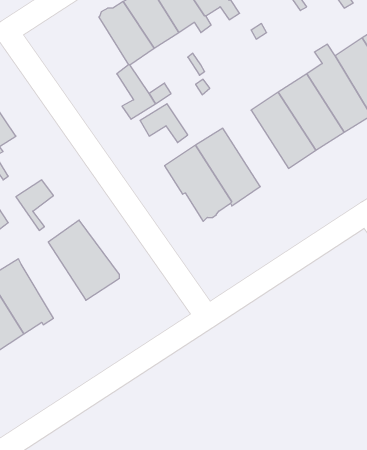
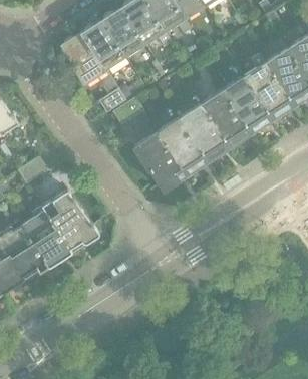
building: none -> [63,32,106,83]
building: none -> [180,104,231,163]
building: none -> [23,207,73,267]

